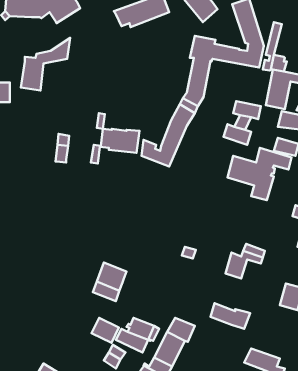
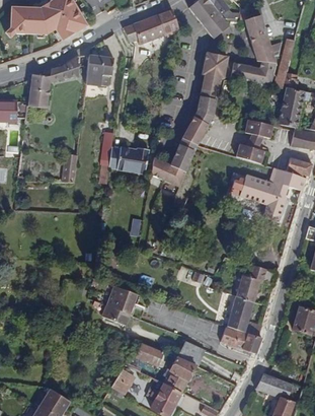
building: none -> [85,55,112,86]
building: none -> [226,295,261,336]
building: [92,318,119,343] -> none

